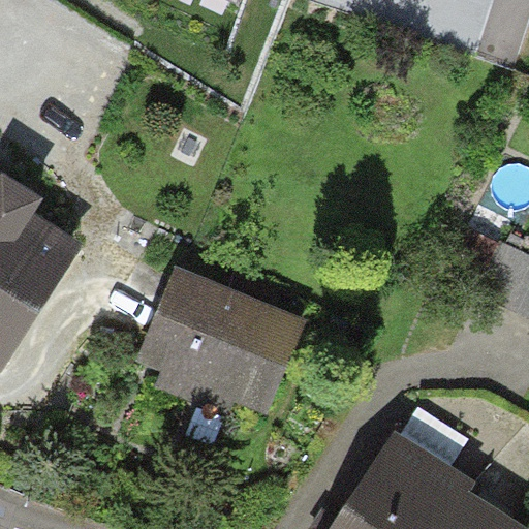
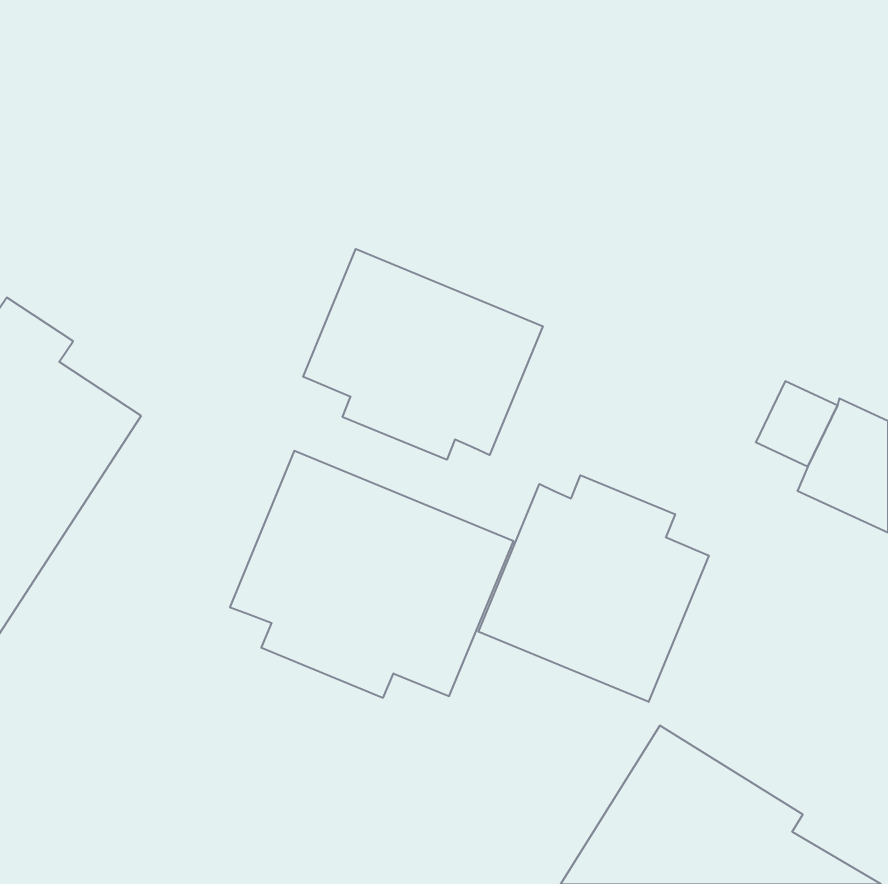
building: none -> [303,249,543,460]
building: none -> [478,475,709,702]

